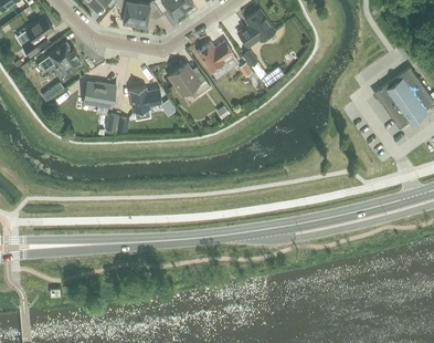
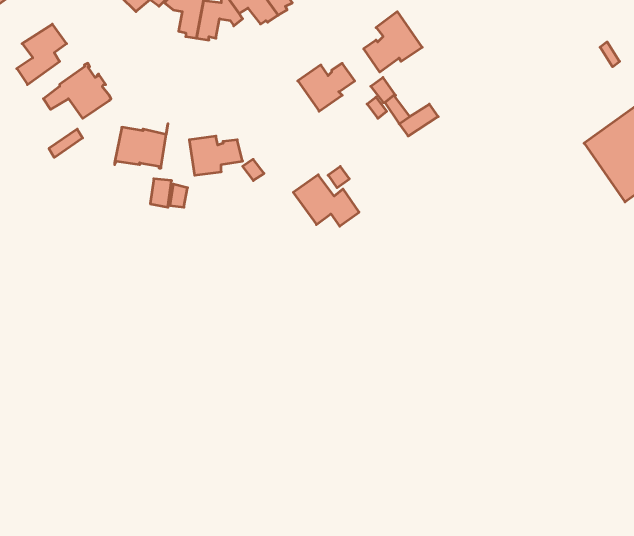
building: [169,63,210,95] -> [293,175,359,226]

